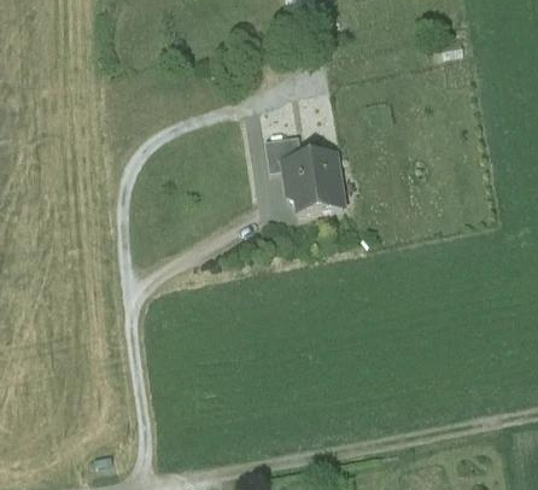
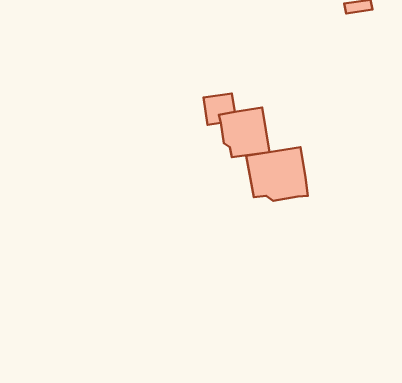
building: none -> [246,147,308,201]

